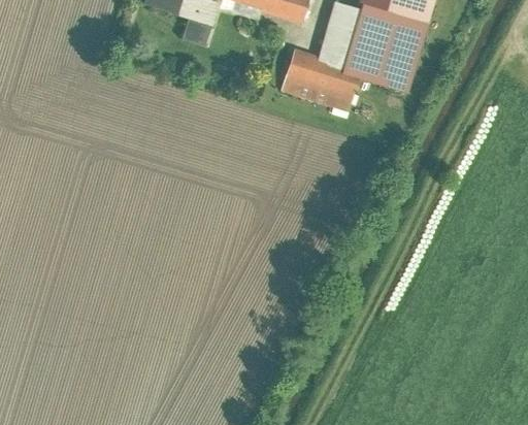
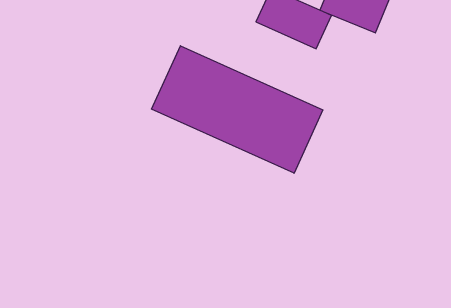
building: none -> [152,46,323,173]

